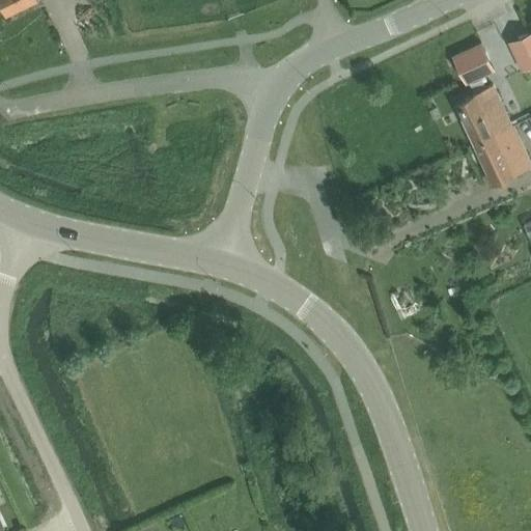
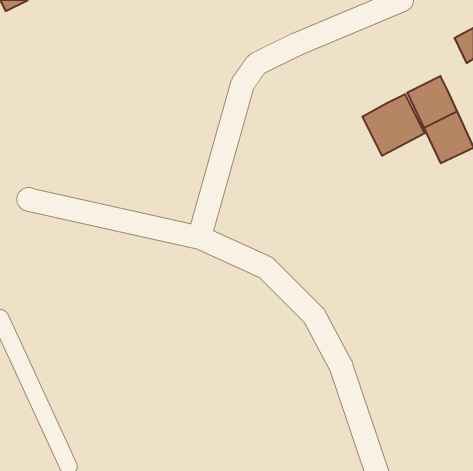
building: [453,46,495,87] -> none
building: none -> [362,94,425,156]

